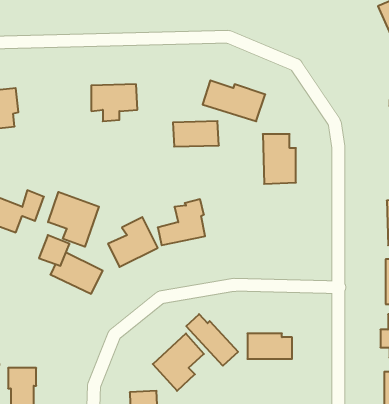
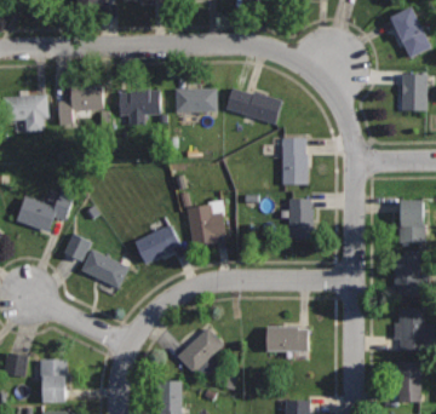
building: none -> [57,86,104,123]
building: [173,121,219,147] -> [173,88,217,113]
building: [48,192,99,247] -> none
building: none -> [289,200,314,237]
building: [186,314,238,366] -> none

